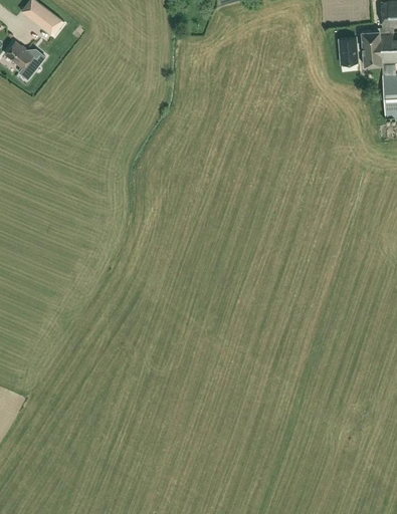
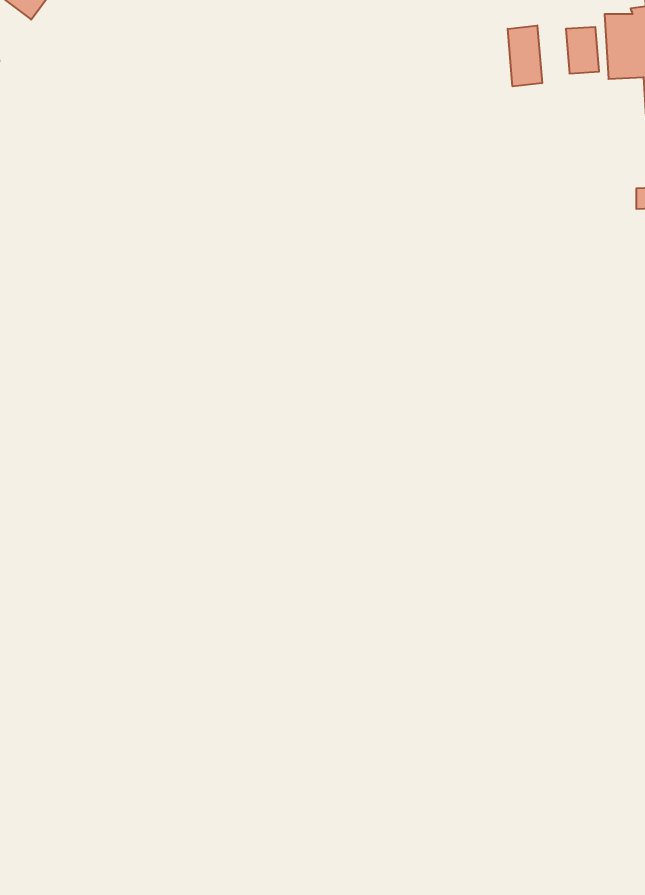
building: none -> [508,25,542,86]

